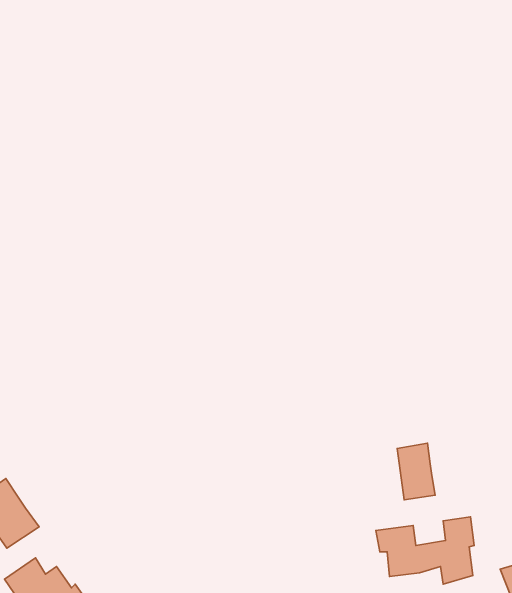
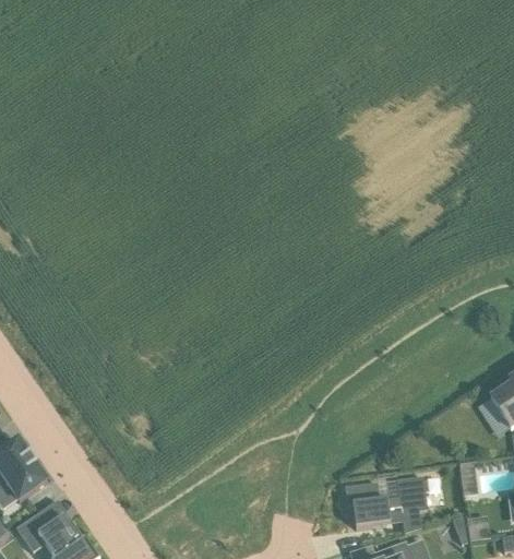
building: [397,443,435,500] -> none

